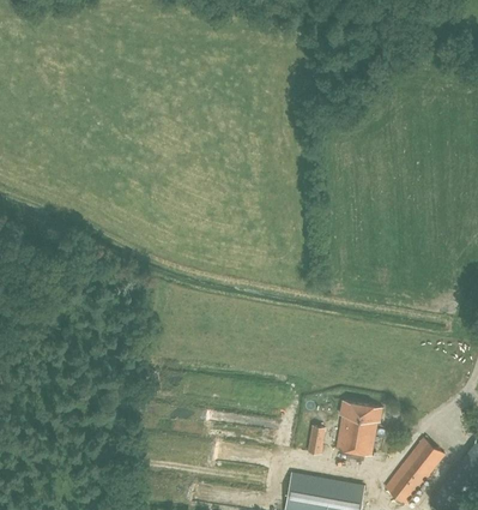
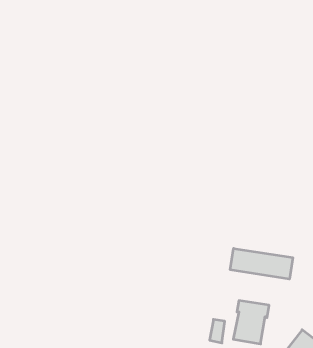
building: none -> [230,248,293,279]

